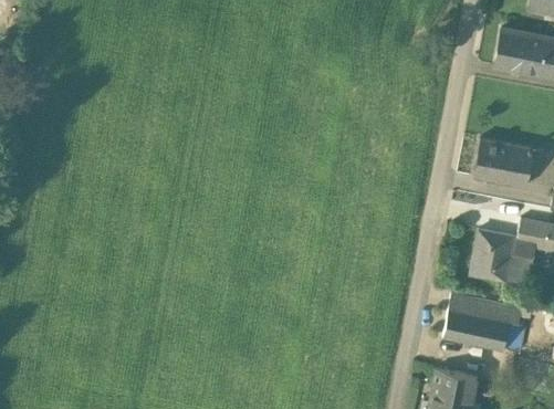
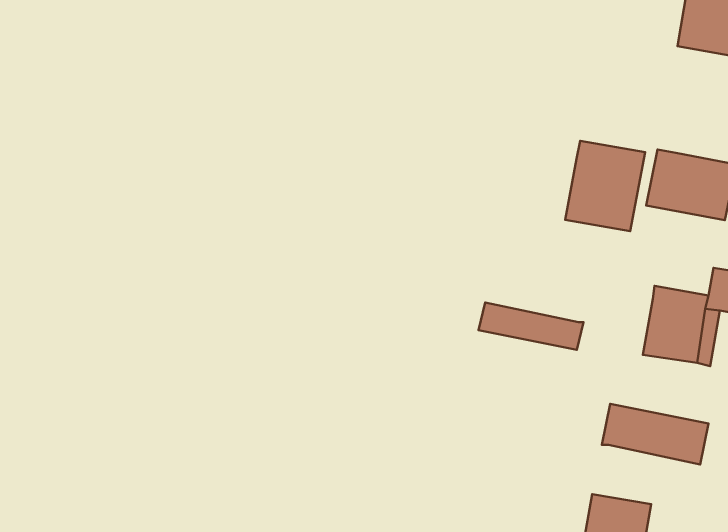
building: none -> [565,141,645,231]
building: [450,291,521,323] -> [479,302,583,350]

